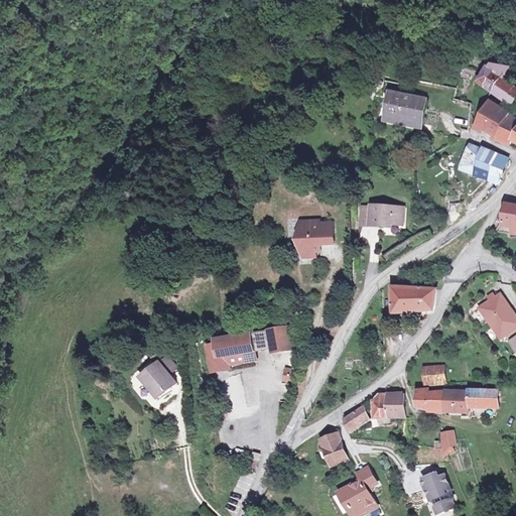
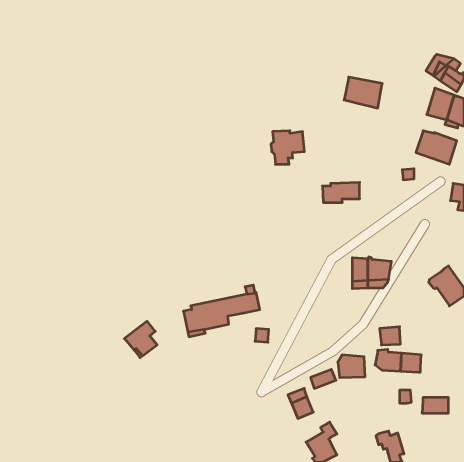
building: [292,217,330,254] -> [271,131,304,164]
building: [467,391,496,408] -> [422,398,448,413]

